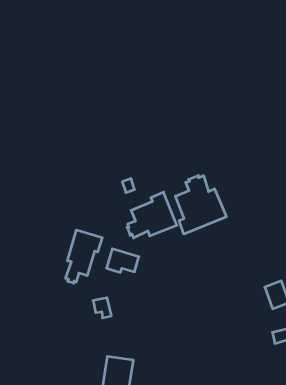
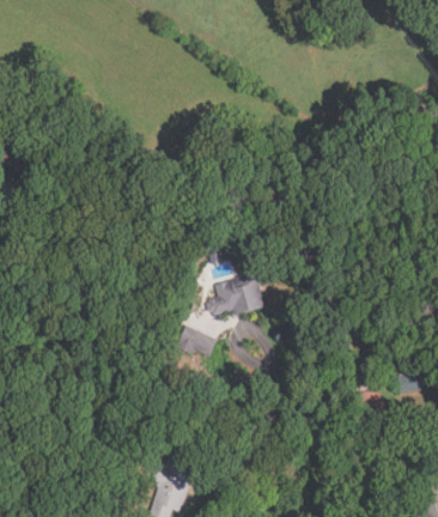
building: [175,175,226,234] -> none
building: [66,230,102,283] -> none

